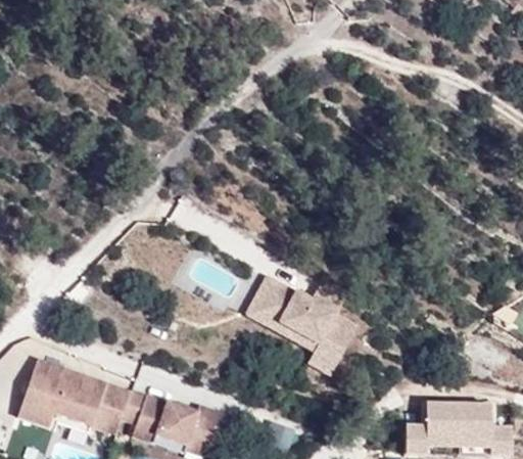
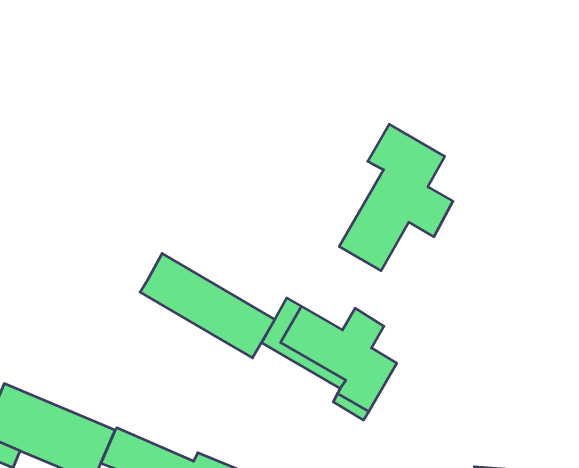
building: none -> [339,124,453,271]
building: none -> [140,253,275,358]

